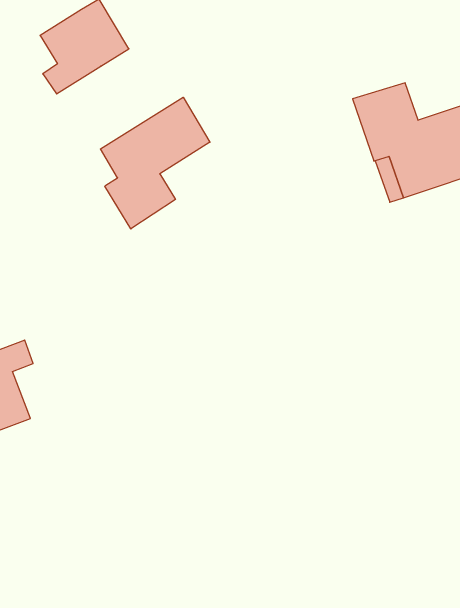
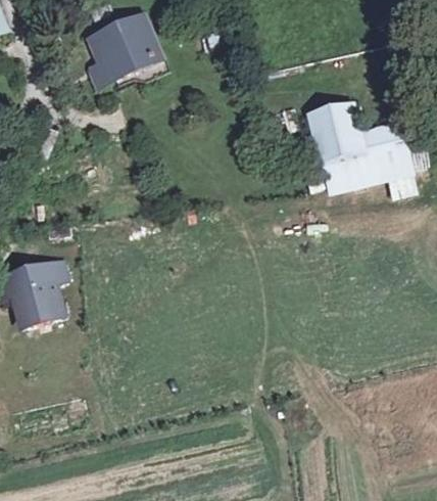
building: [100,97,210,229] -> none

